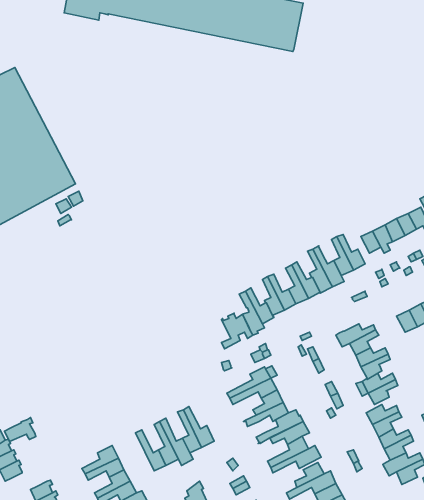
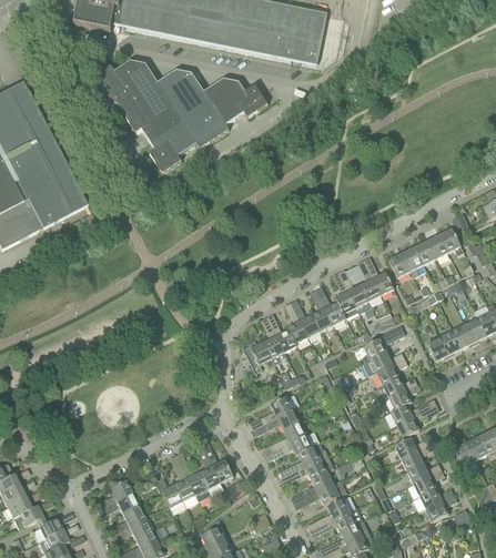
building: none -> [93,60,267,173]
building: none -> [362,325,405,362]
building: [4,417,36,442] -> [12,504,45,529]

